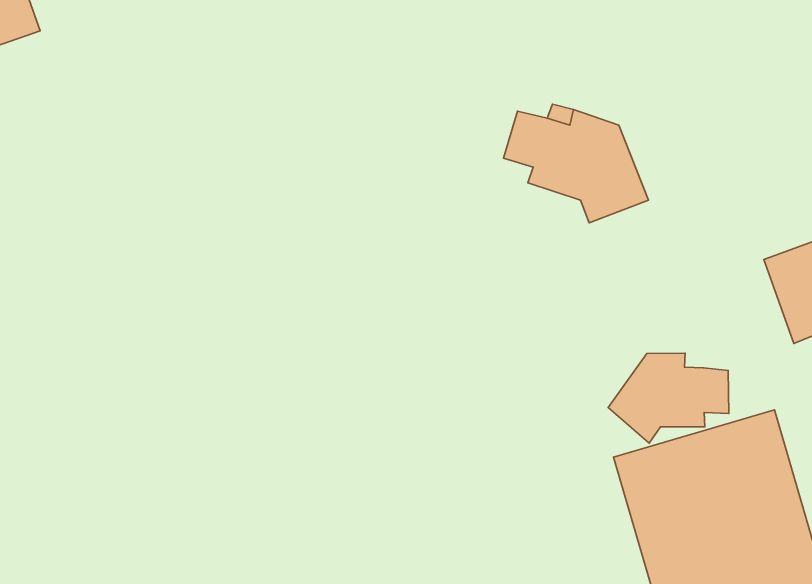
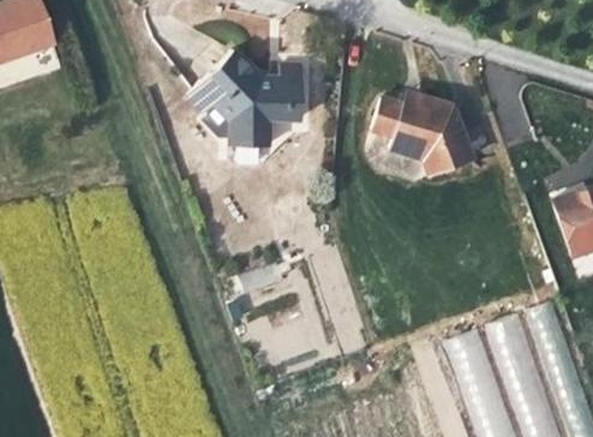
building: none -> [187,50,301,163]
building: [608,353,729,443] -> none

